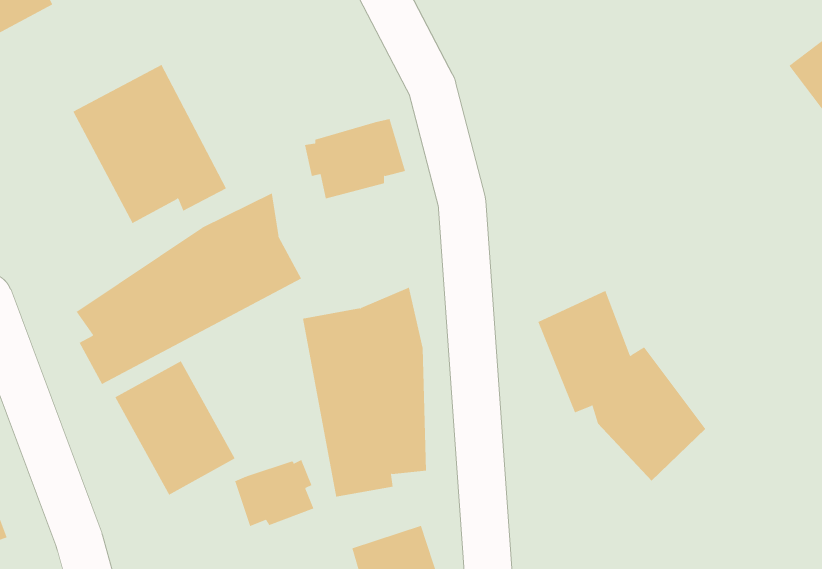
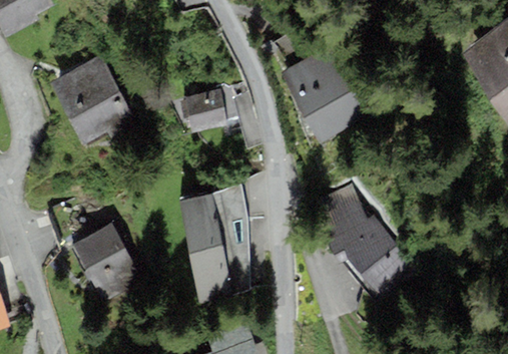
building: none -> [281,48,367,145]
building: [76,192,302,385] -> none
building: [235,459,314,527] -> none

